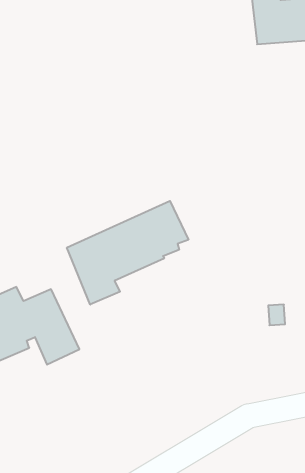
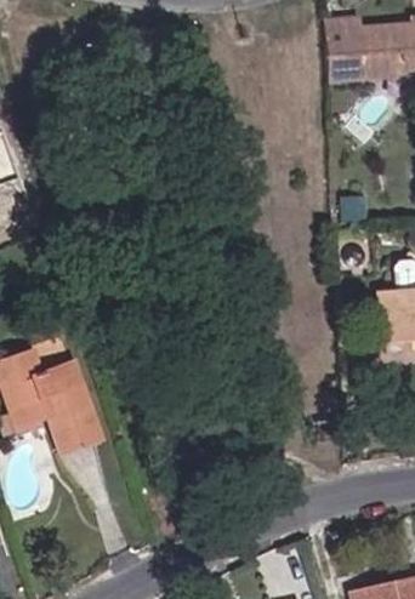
building: [67,201,188,305] -> none

